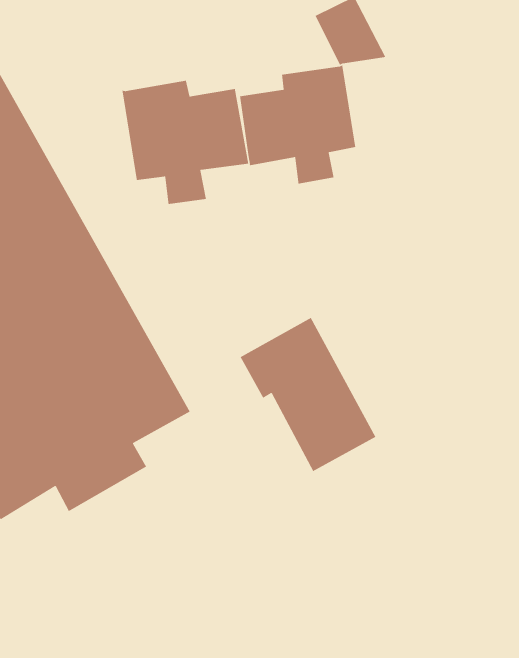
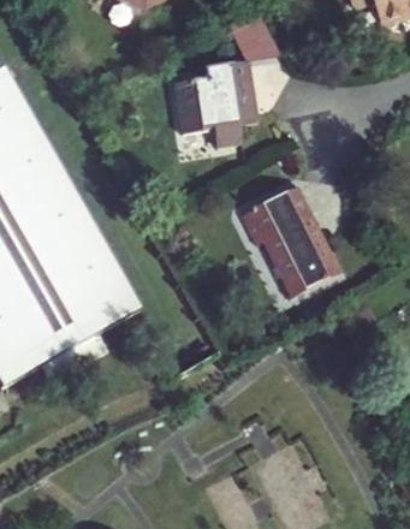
building: [122,80,249,205] -> none
building: [239,317,377,472] -> [242,183,340,295]

